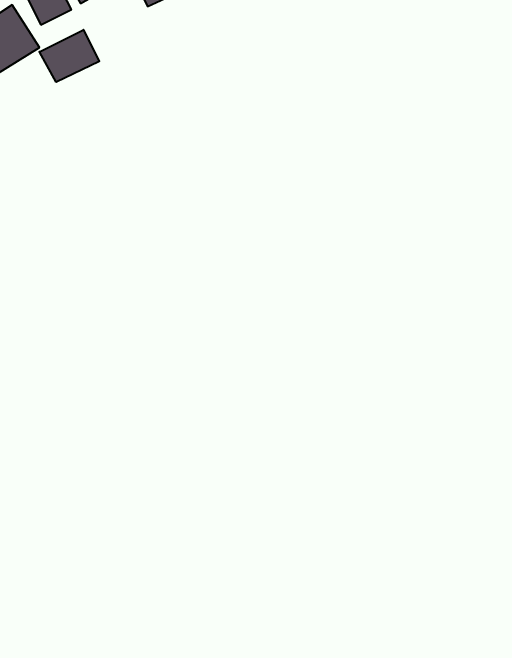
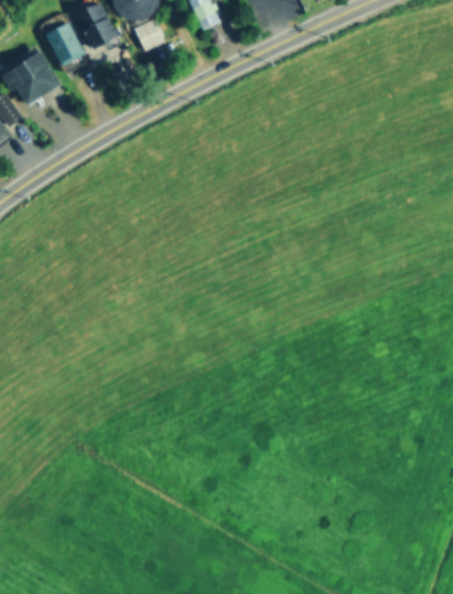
building: [39,30,99,82] -> none

